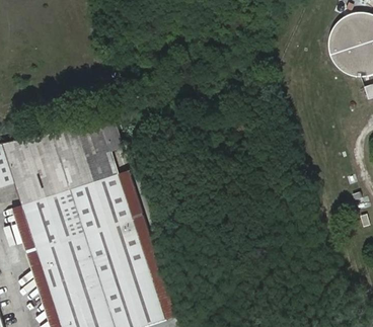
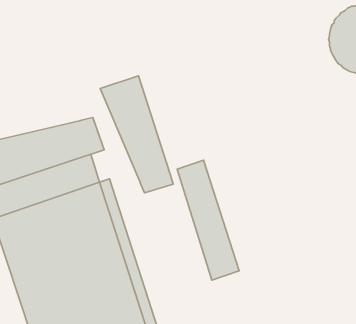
building: none -> [100,76,173,193]
building: none -> [177,160,239,280]

